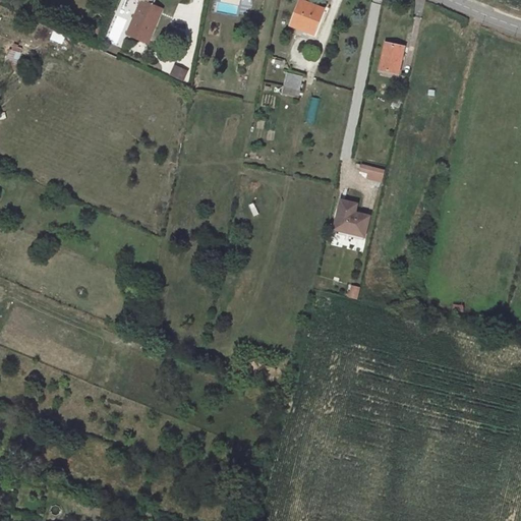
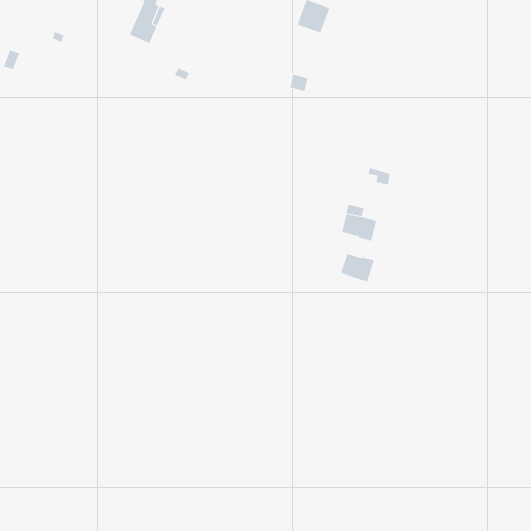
building: [379,42,404,73] -> none
building: none -> [341,253,374,282]

